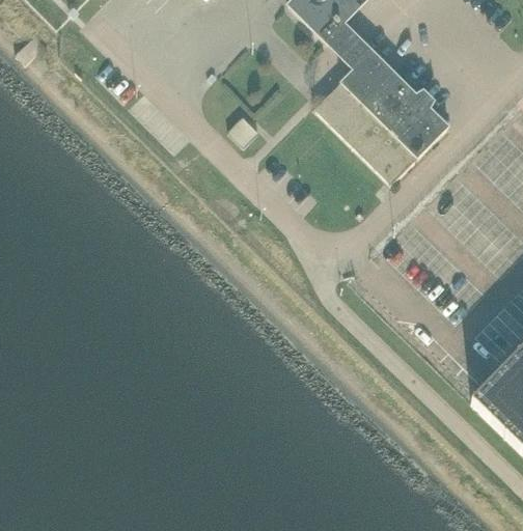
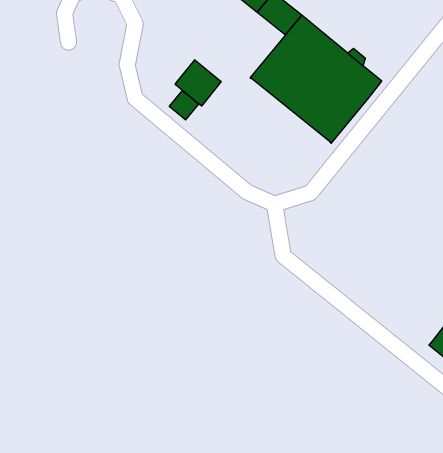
building: none -> [175,60,221,106]

